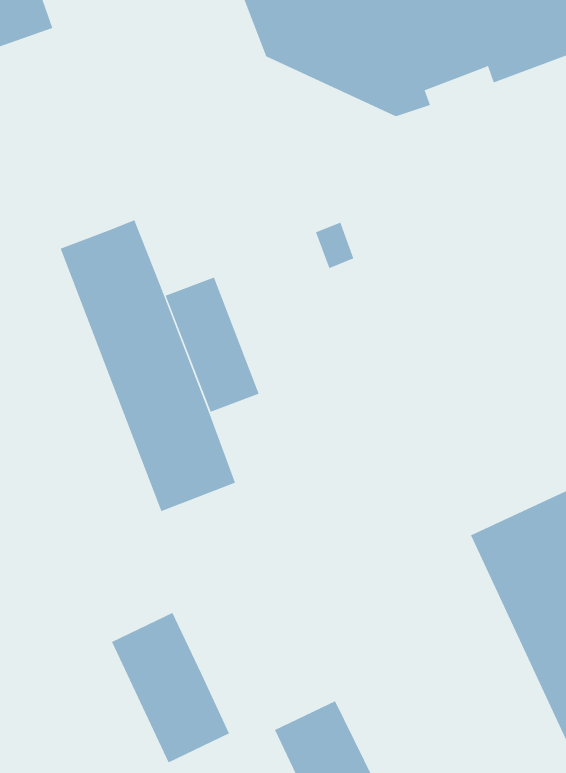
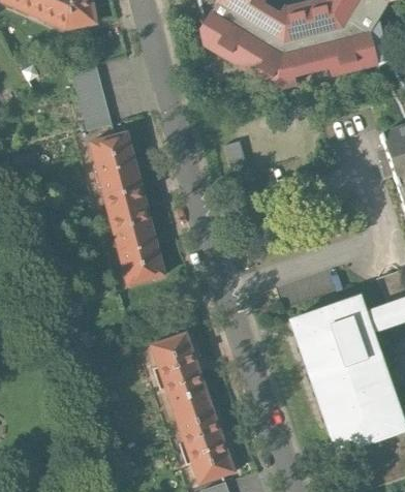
building: [165,277,259,413] -> [68,67,114,141]
building: [111,612,230,763] -> [150,333,209,414]

